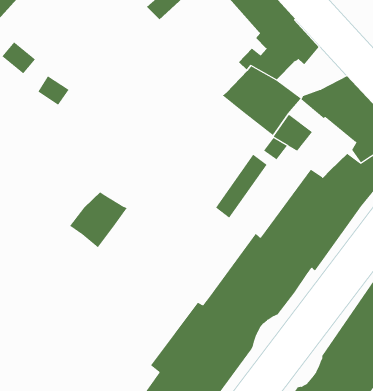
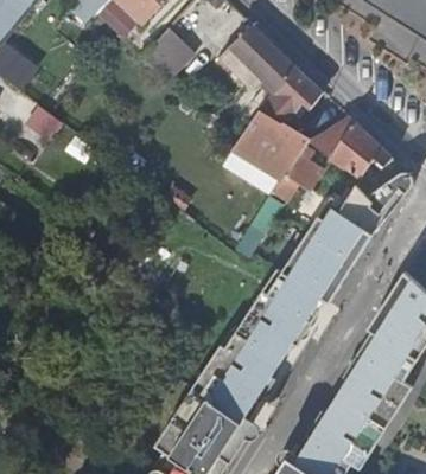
building: [69,191,128,248] -> none

